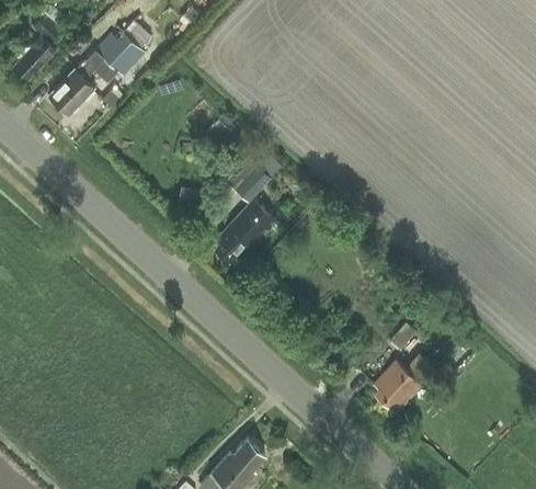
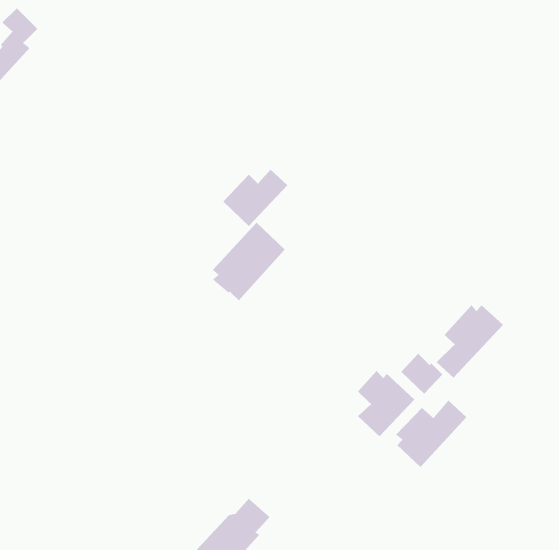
building: [49,27,146,114] -> none
building: none -> [436,304,504,378]
building: none -> [357,370,415,437]

